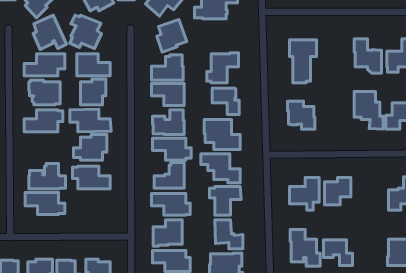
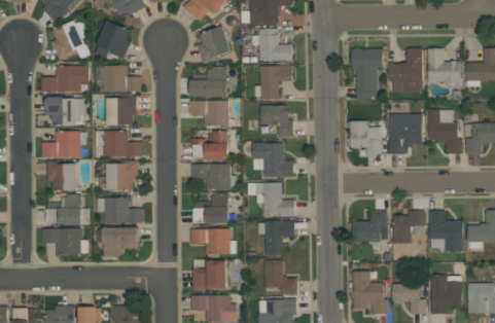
building: none -> [252,29,292,61]
building: none -> [389,48,423,93]
building: none -> [389,114,422,154]
building: none -> [46,162,77,191]
building: none -> [429,211,463,251]
building: none -> [103,227,139,258]
building: none -> [431,275,463,314]

